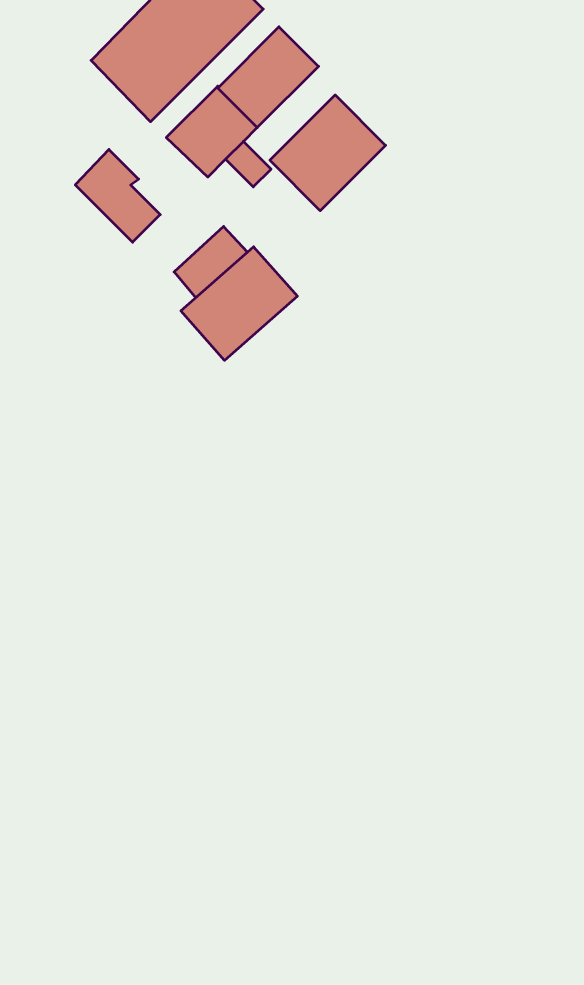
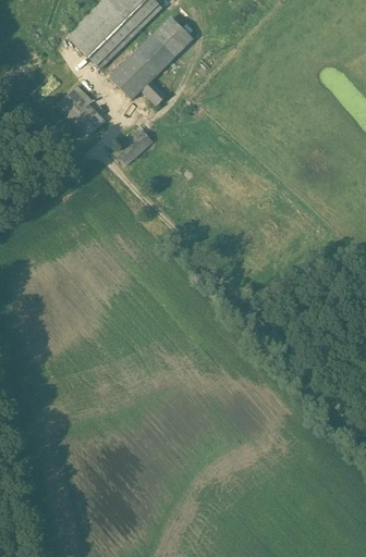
building: [270,95,386,211] -> none
building: [181,247,297,360] -> none

